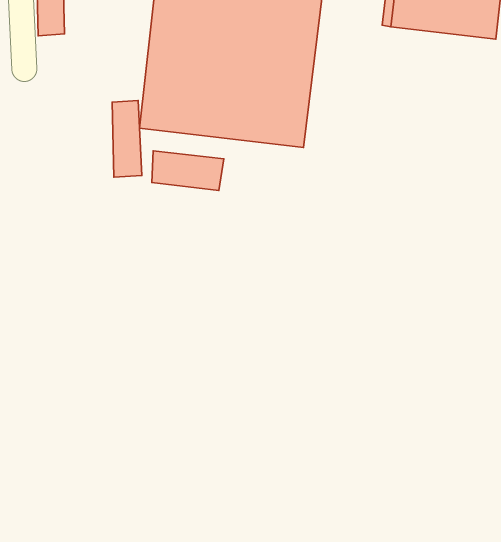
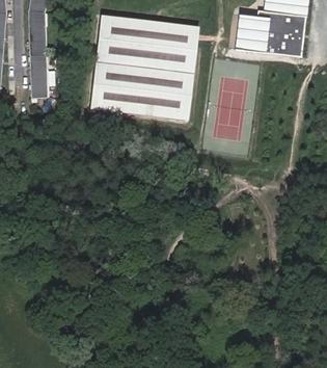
building: [112,100,142,177] -> [30,52,48,98]
building: [152,151,224,190] -> none

